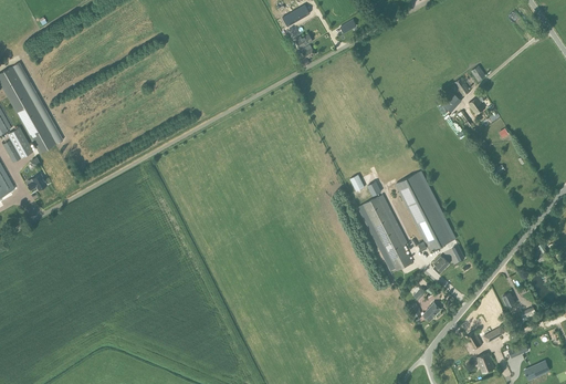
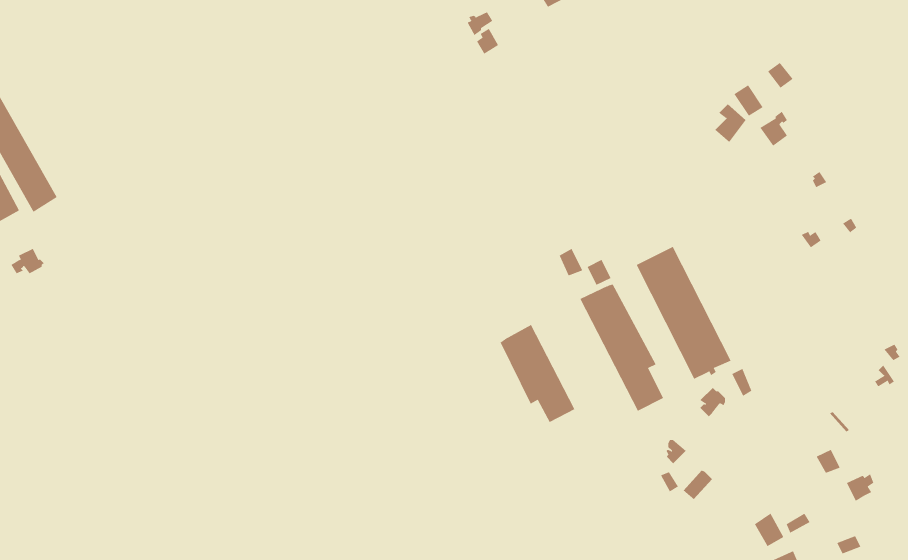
building: none -> [500,324,575,423]

